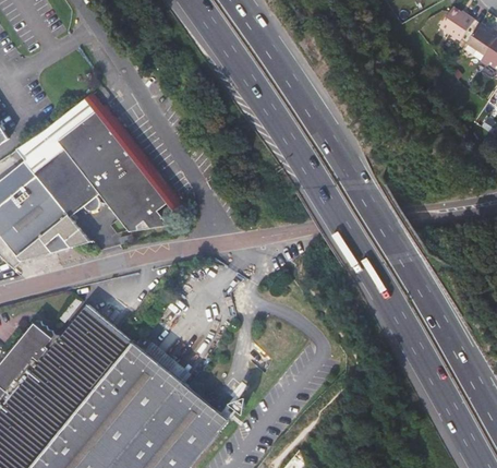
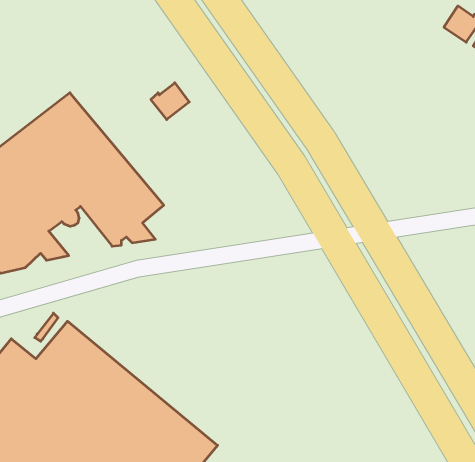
building: none -> [151,83,189,120]

